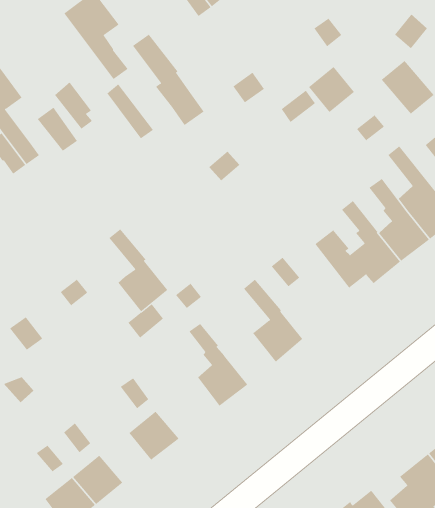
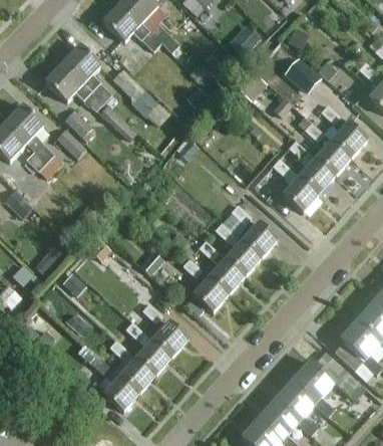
building: none -> [45,63,103,110]
building: [108,228,168,312] -> [199,239,245,293]
building: none -> [243,222,278,256]
building: none -> [125,320,171,374]

